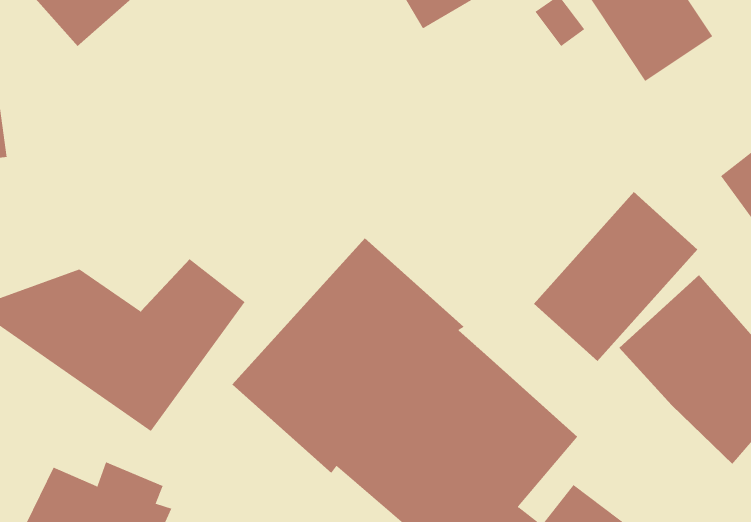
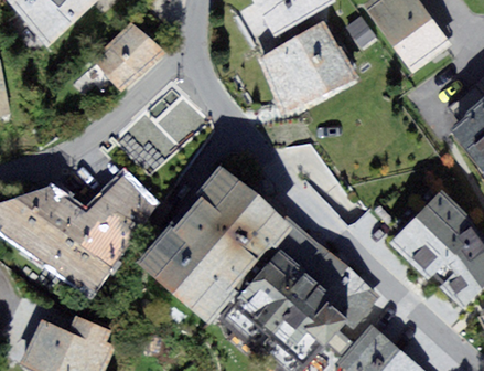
building: none -> [256,23,354,115]
building: none -> [94,24,160,89]
building: [533,191,698,362] -> none

